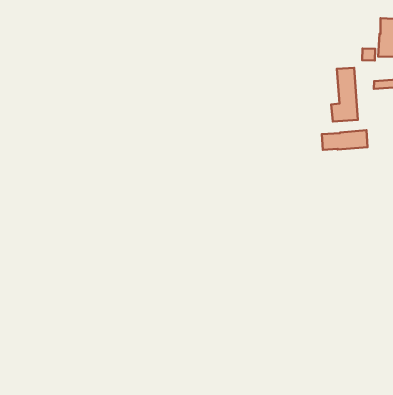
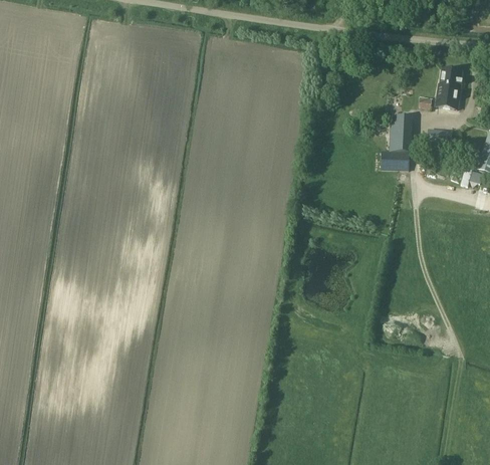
building: [322,130,367,150] -> none

